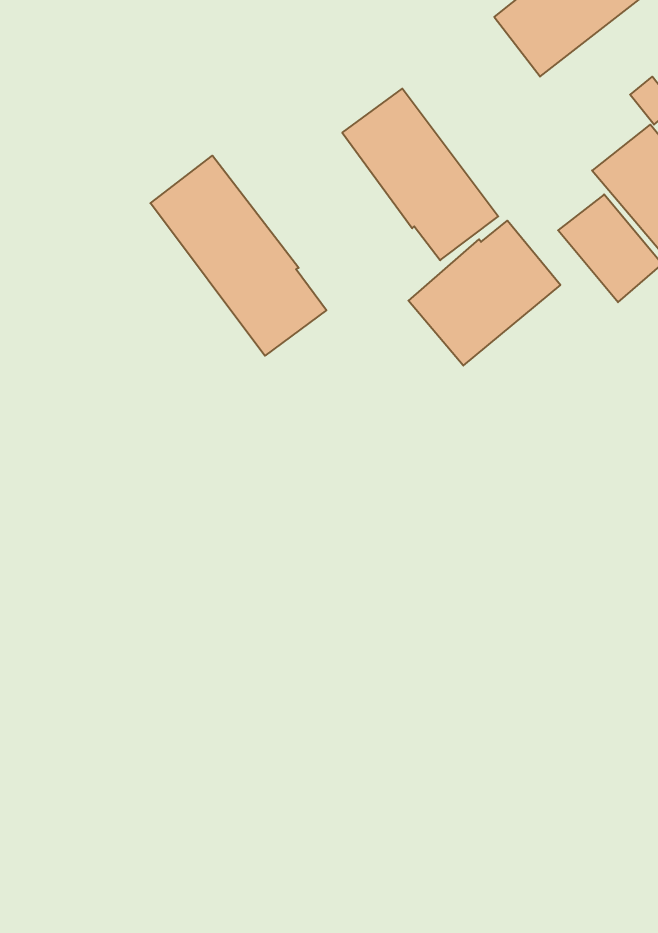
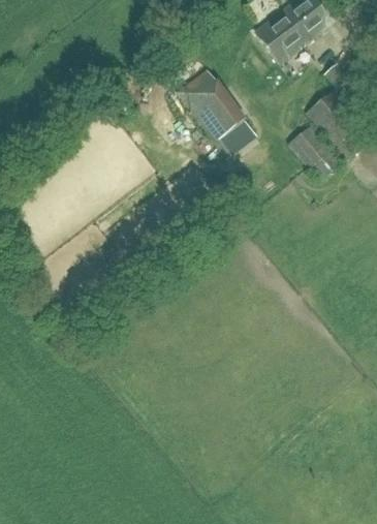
building: [150,156,326,356] -> none
building: [408,221,560,366] -> none

